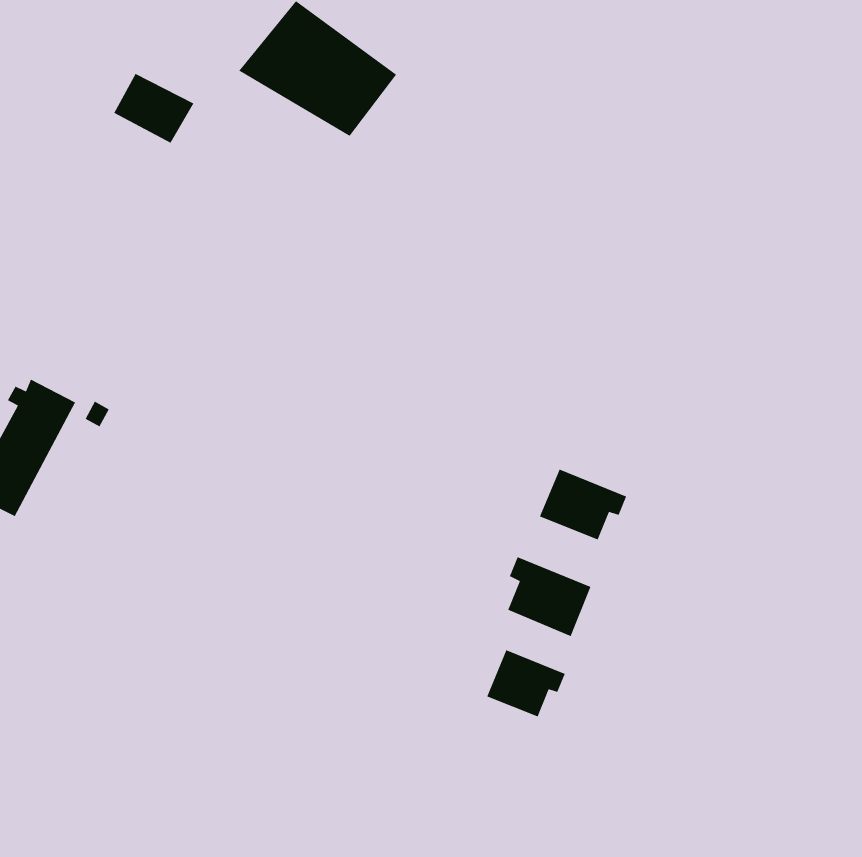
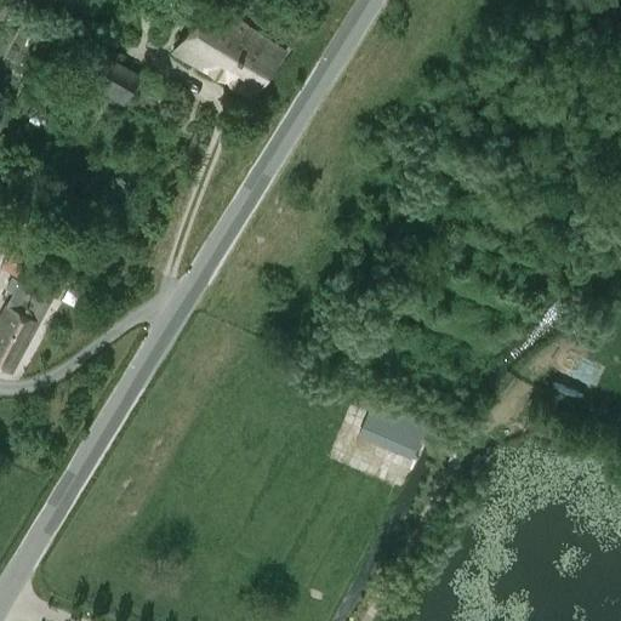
building: [539,468,627,540] -> none
building: [486,649,566,718] -> none

